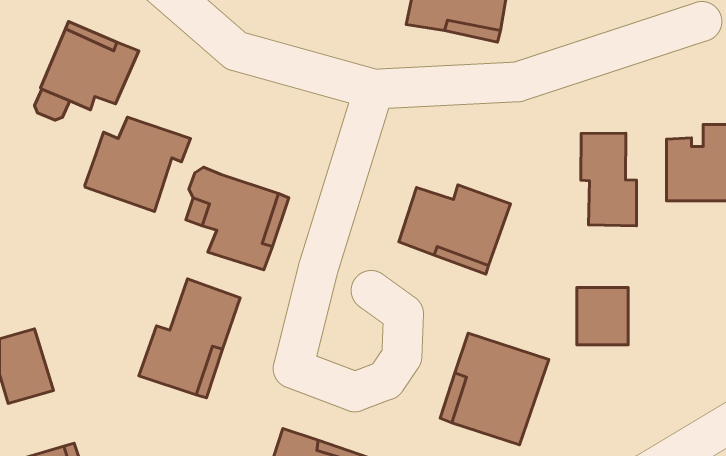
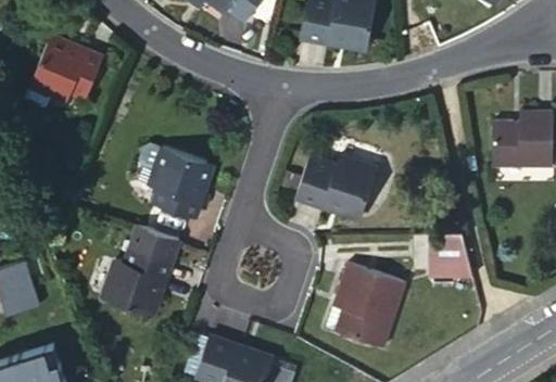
building: [85,117,191,212] -> none
building: [581,133,637,226] -> none

